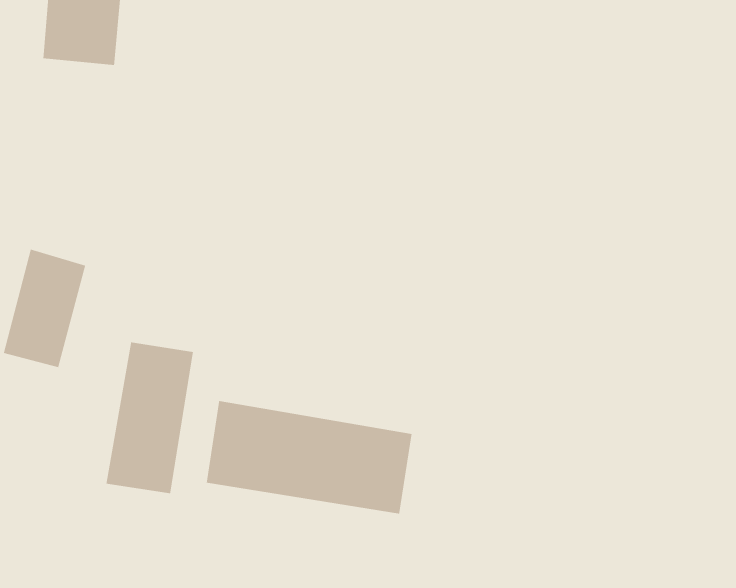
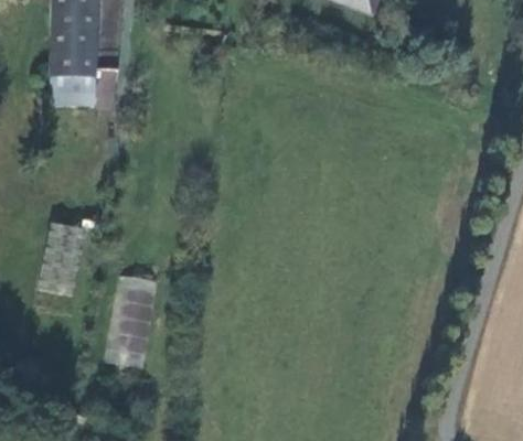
building: [206,400,412,515] -> none

